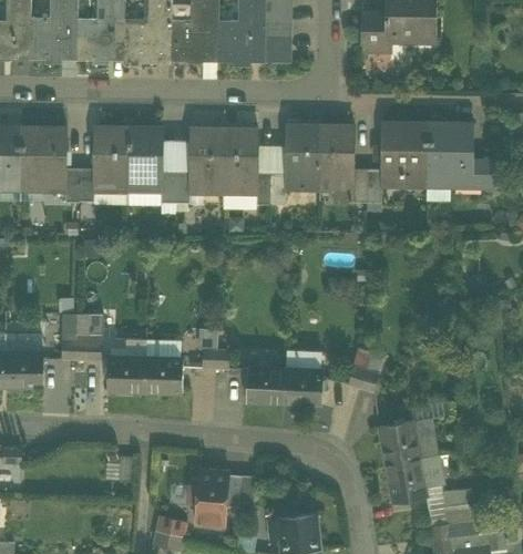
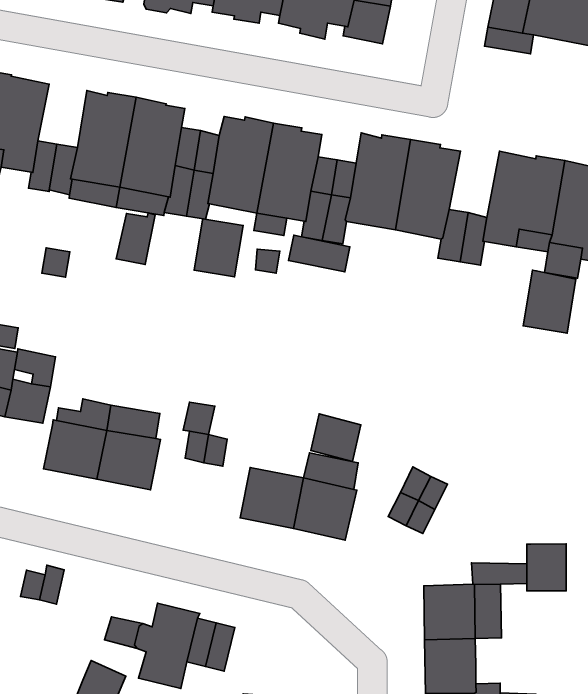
building: none -> [523,270,576,333]
building: none -> [194,219,243,277]
building: none -> [288,235,350,272]
building: none -> [116,213,155,265]
building: none -> [311,414,361,462]
building: none -> [527,544,566,591]
building: [420,454,445,489] -> none

